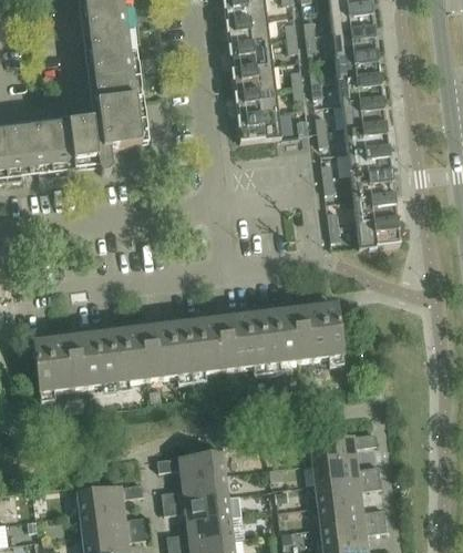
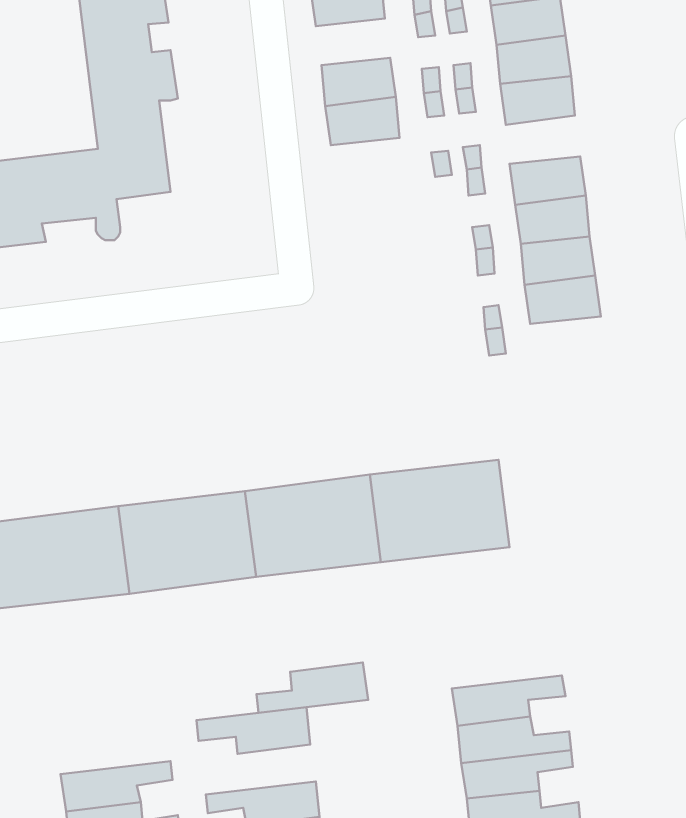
building: [228,39,272,66] -> none
building: [341,96,385,125] -> none
building: [237,110,281,140] -> none
building: [356,216,401,246] -> none
building: [162,471,228,501] -> [257,663,368,713]

